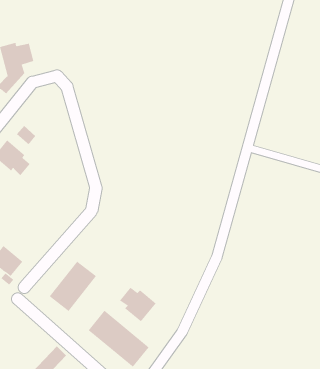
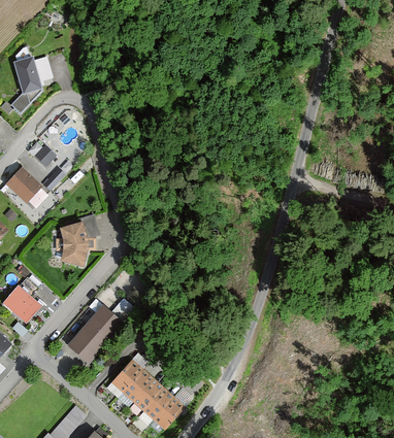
building: none -> [59,215,99,267]
building: [119,287,157,322] -> none

